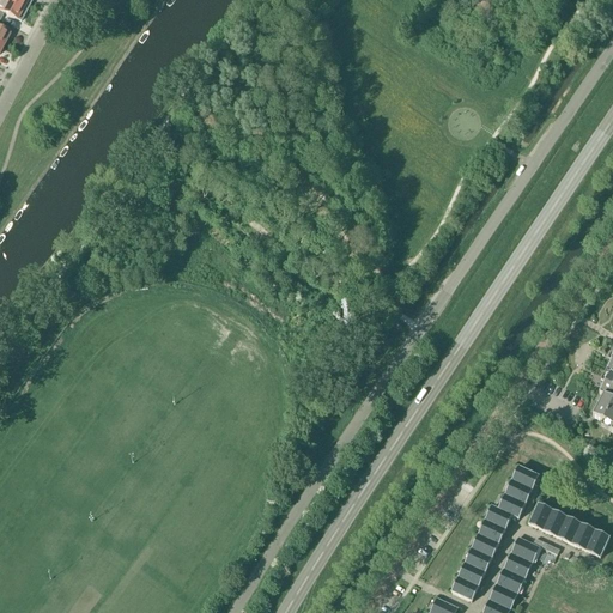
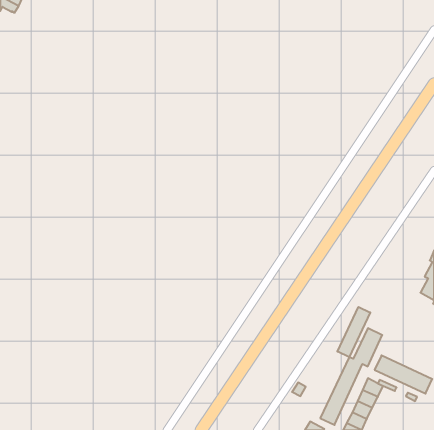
building: none -> [337,307,370,357]

